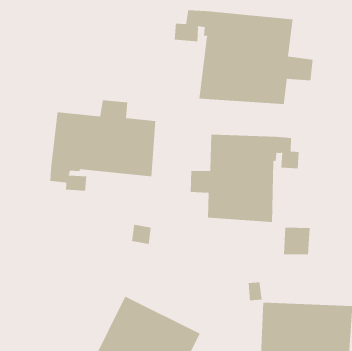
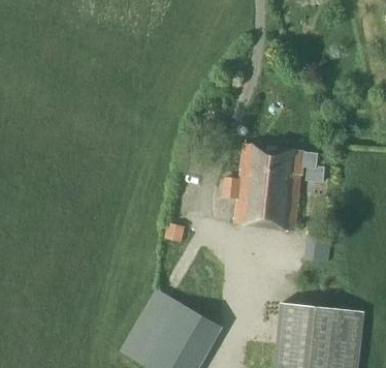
building: [174,10,313,105] -> none
building: [50,100,156,192] -> none

